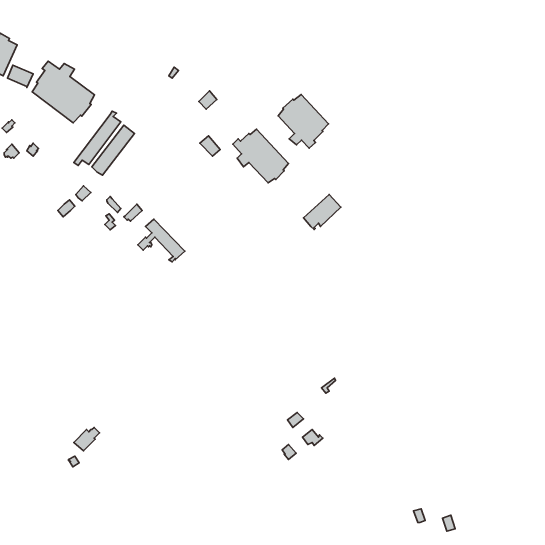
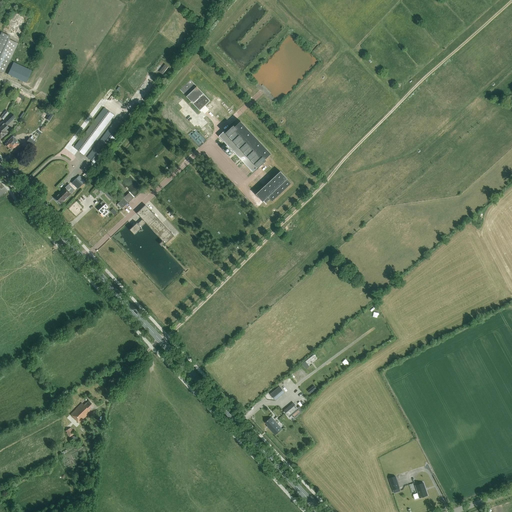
building: [32,61,94,123] -> none
building: [278,94,329,148] -> none
building: [304,194,341,230] -> [255,171,290,204]

